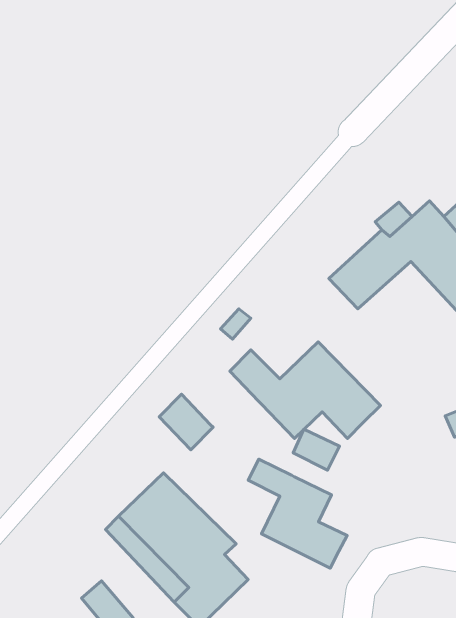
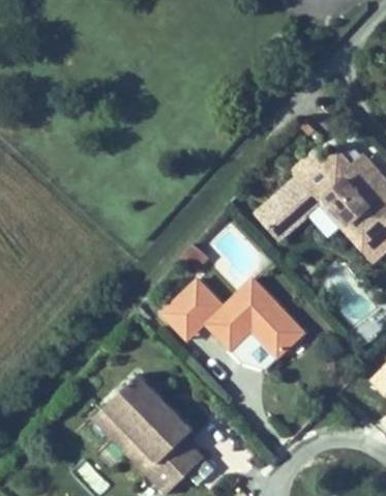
building: [159,394,213,450] -> [164,292,206,335]
building: [248,459,347,568] -> none

